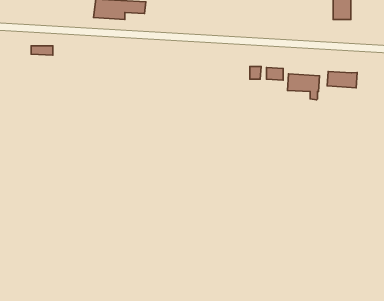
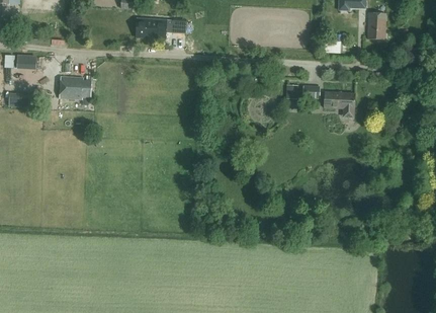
building: none -> [59,75,91,98]
building: [327,71,357,88] -> none

